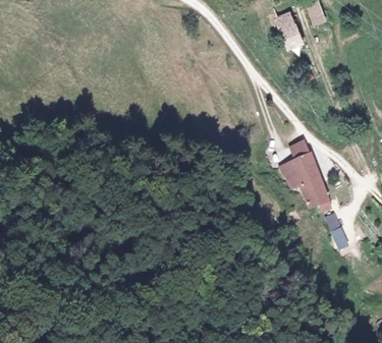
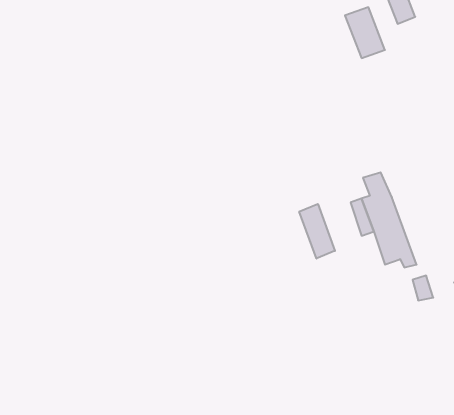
building: none -> [299,204,335,259]

